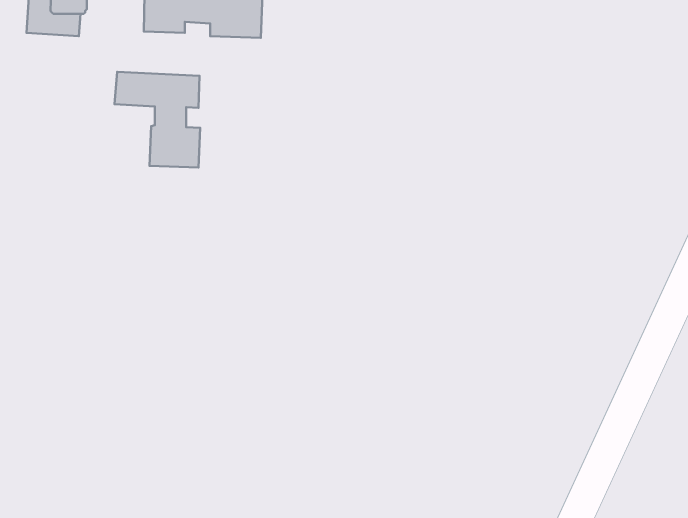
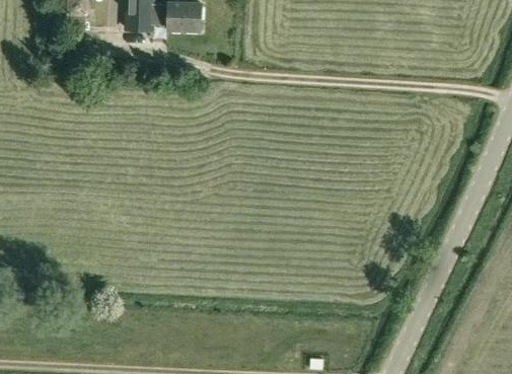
building: [115,72,200,167] -> none

